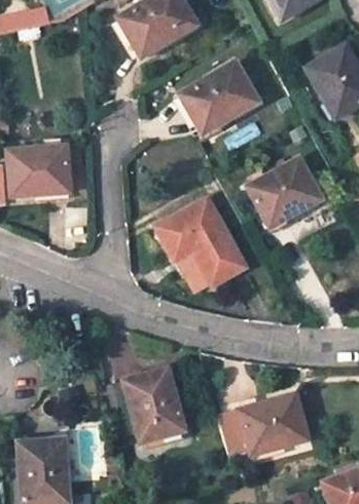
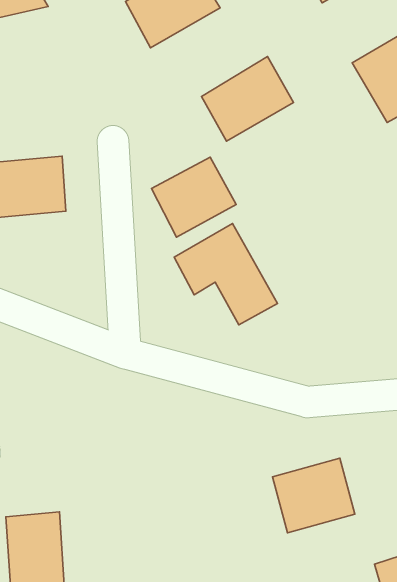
building: [249,161,319,227] -> [152,157,236,237]
building: [123,367,185,442] -> none
building: [218,410,250,453] -> none

